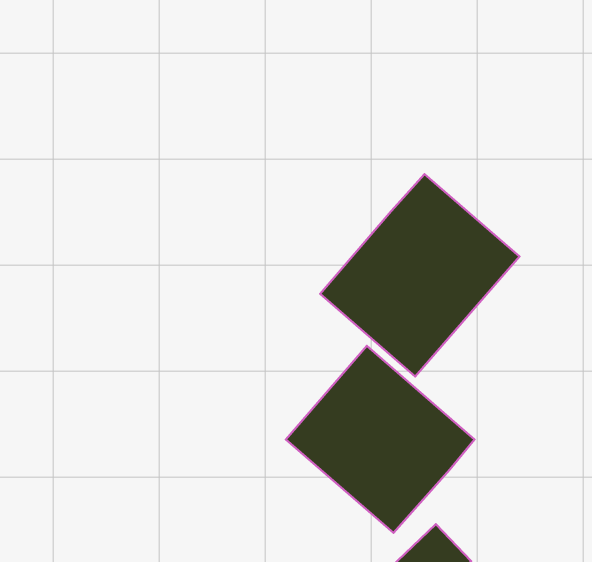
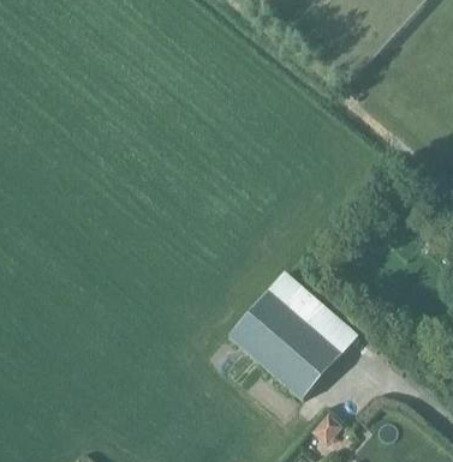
building: [320,174,519,376] -> none

